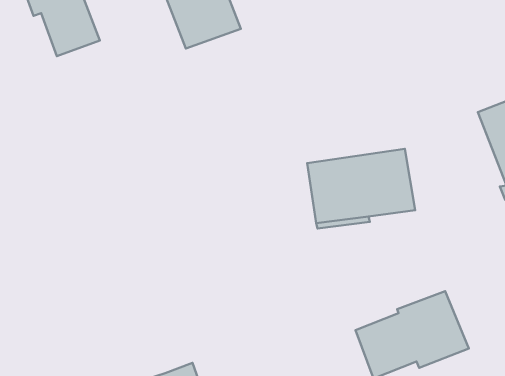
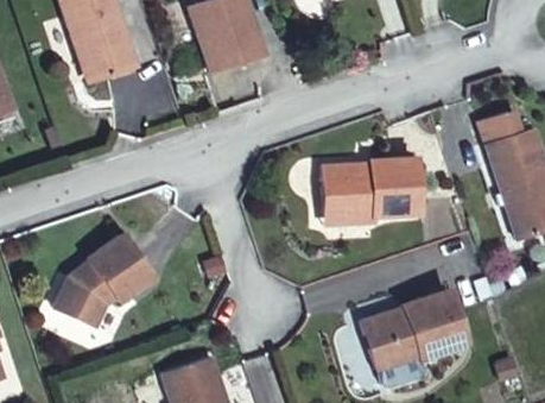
building: none -> [55,235,153,330]

